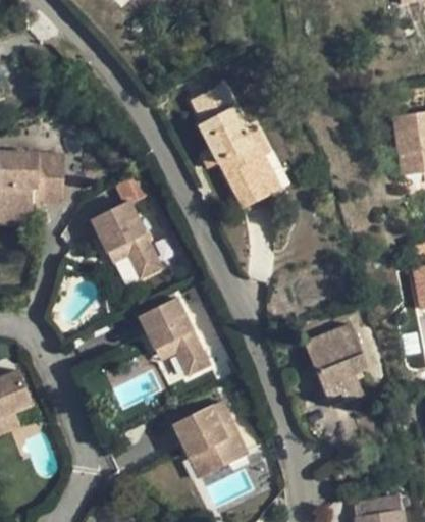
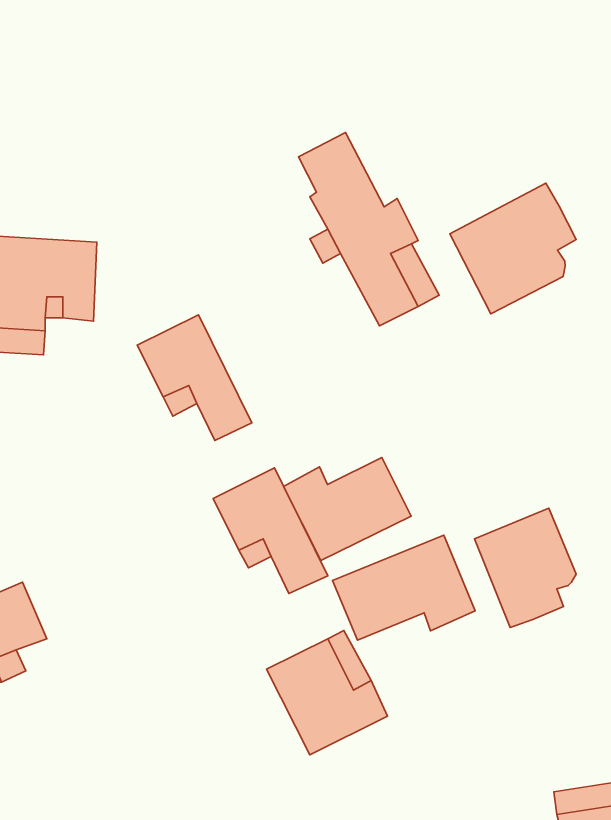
building: none -> [450,183,576,314]
building: none -> [284,457,411,560]
building: none -> [333,535,475,640]

